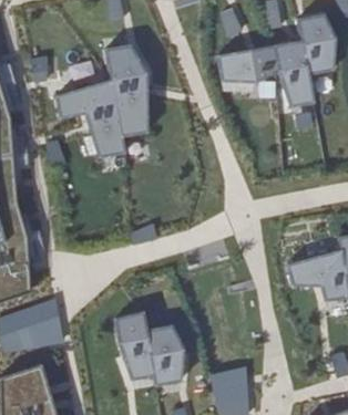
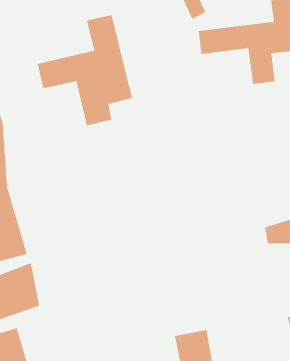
building: [105,311,185,388] -> none

